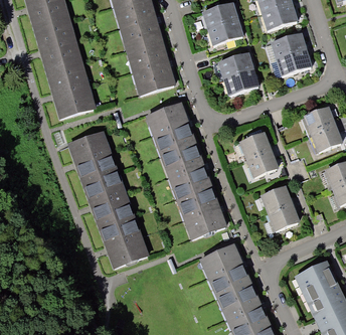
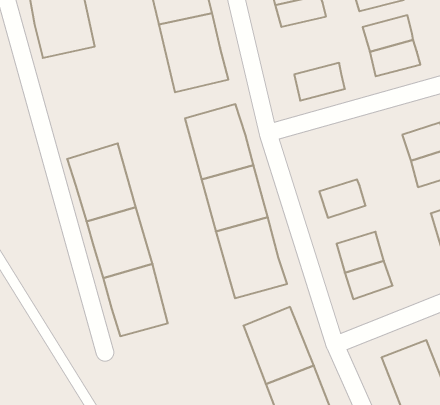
building: [217,51,254,77] -> none
building: [45,65,94,117] -> none
building: [238,131,272,159] -> none

